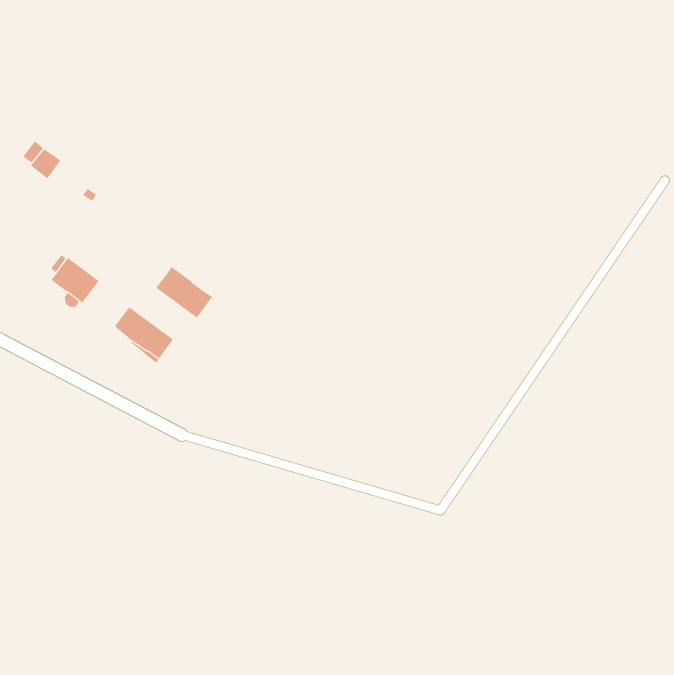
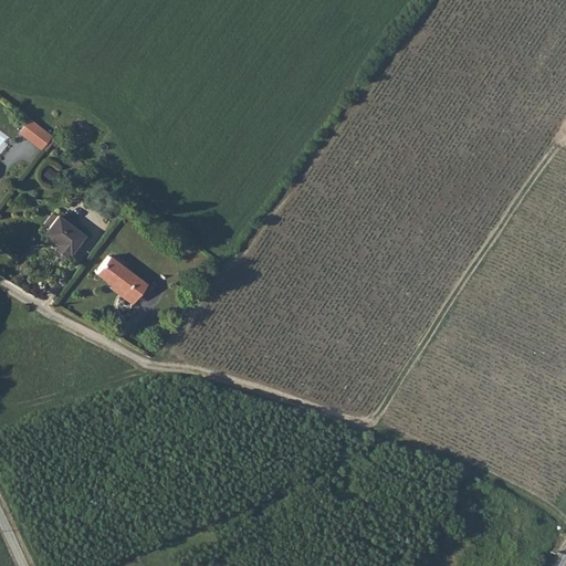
building: [156,266,213,318] -> none

